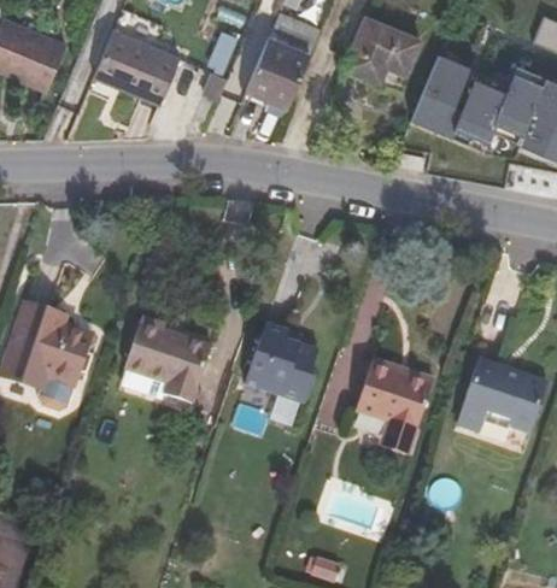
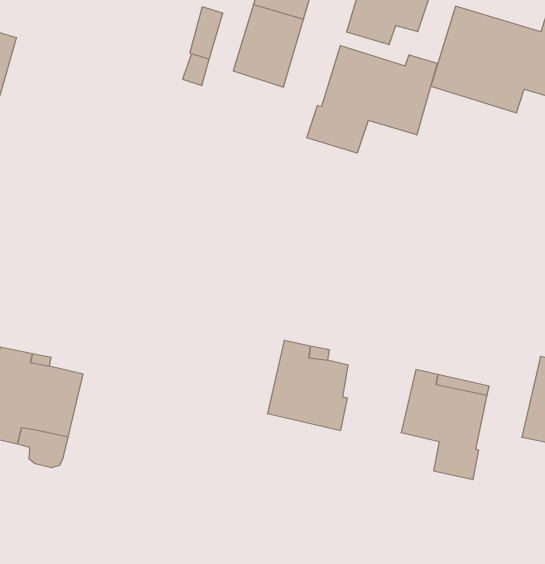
building: [93,29,180,105] -> none
building: none -> [307,45,437,153]
building: [125,316,211,404] -> none

